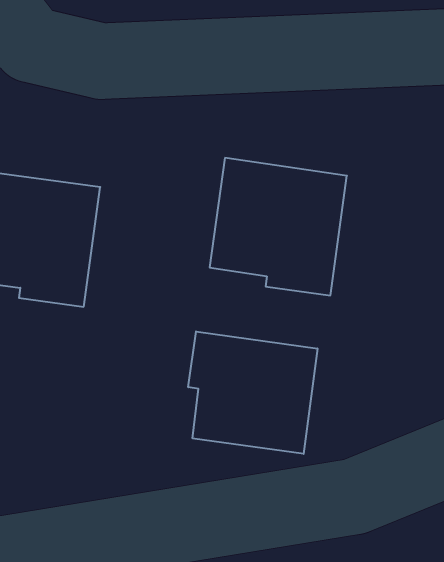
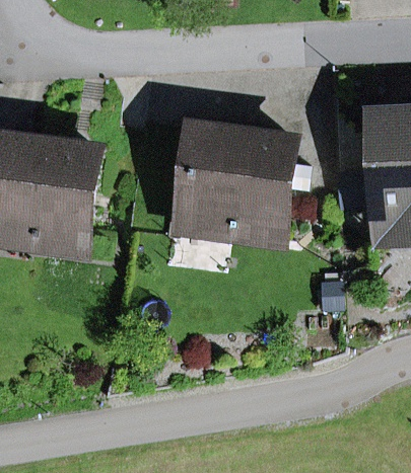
building: [188,331,317,454] -> none

